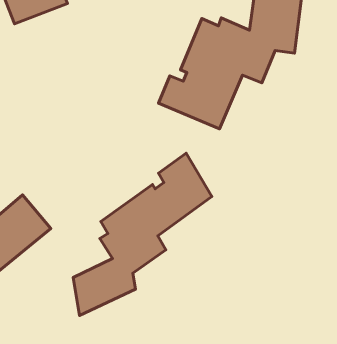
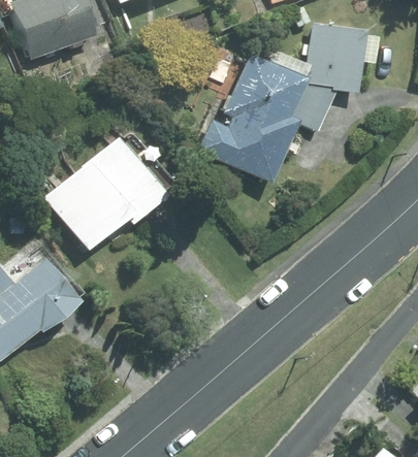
building: none -> [45,138,164,249]
building: [73,153,212,316] -> none

